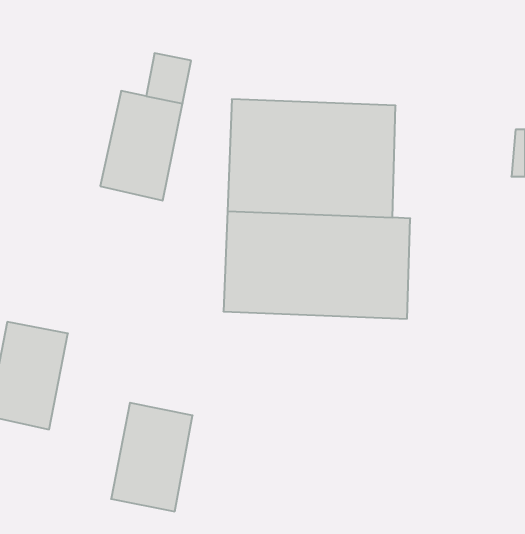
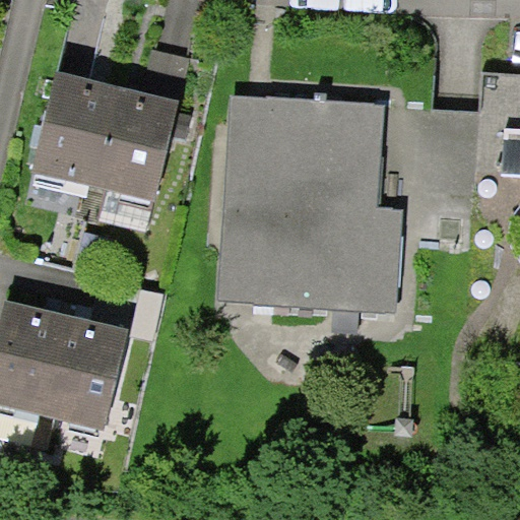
building: none -> [35,75,118,181]
building: [111,403,193,511] -> [48,324,127,430]

